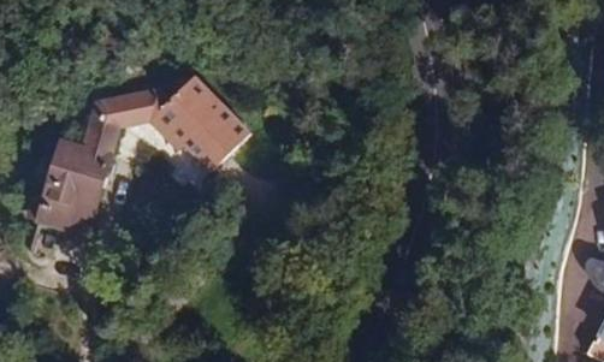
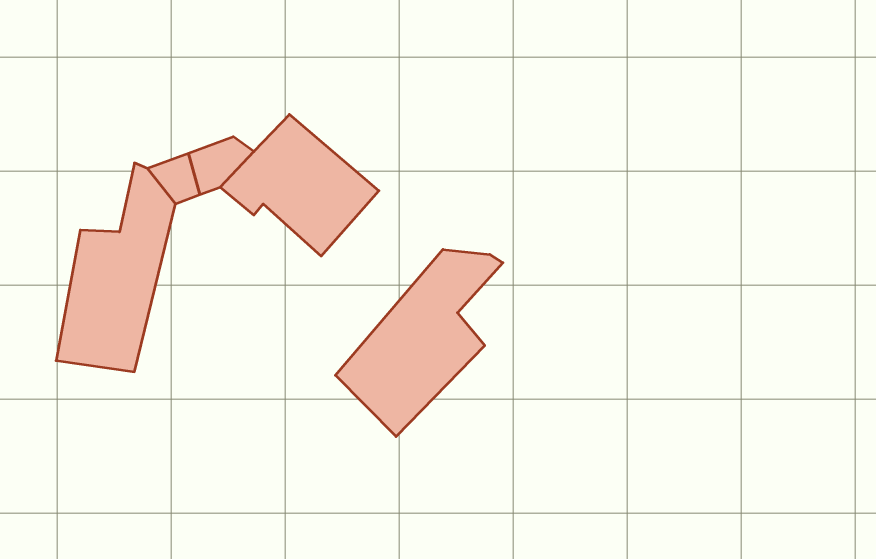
building: none -> [335,249,503,437]

